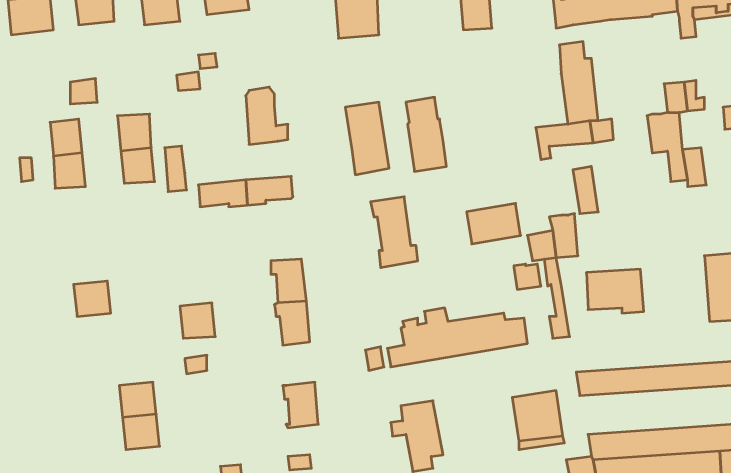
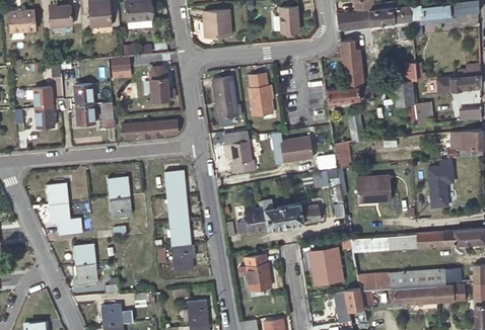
building: none -> [109,177,130,198]
building: none -> [49,202,83,236]
building: none -> [169,220,192,246]

